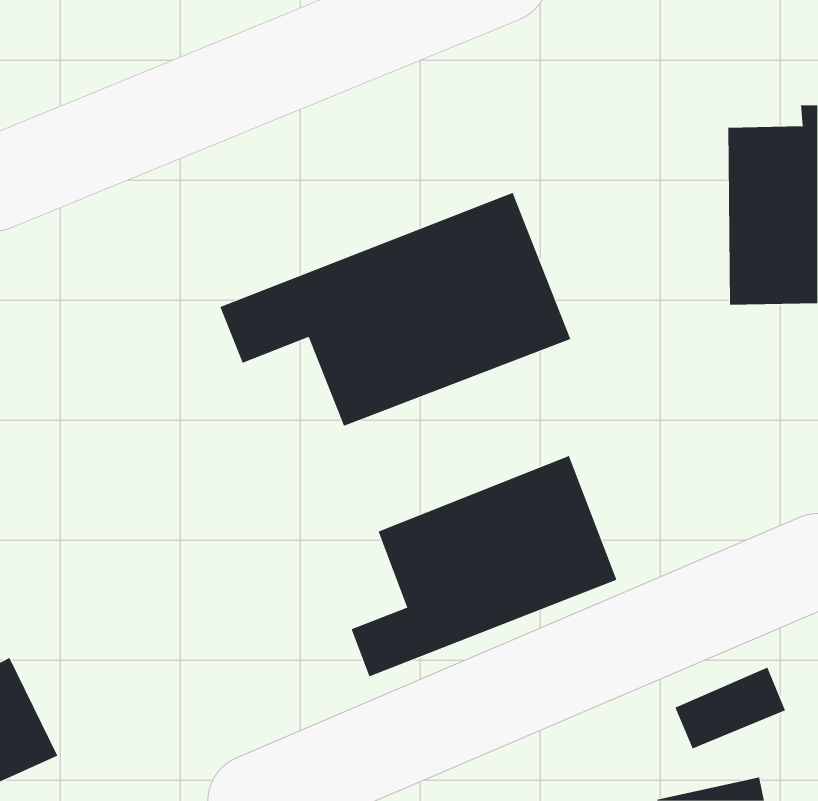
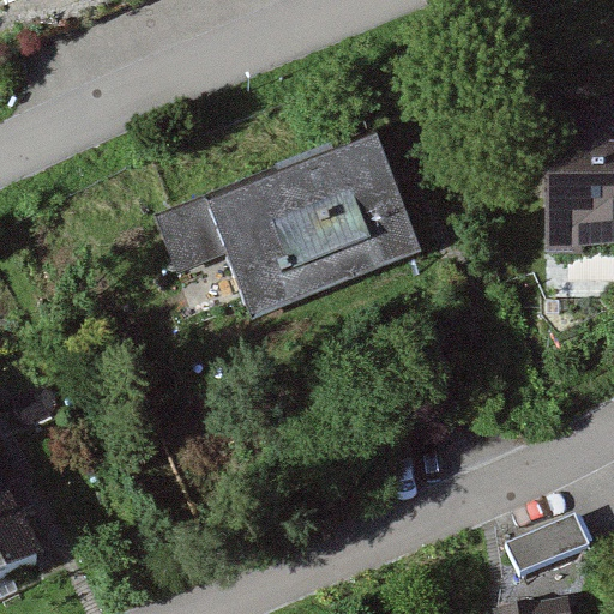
building: [351,455,617,677] -> none

